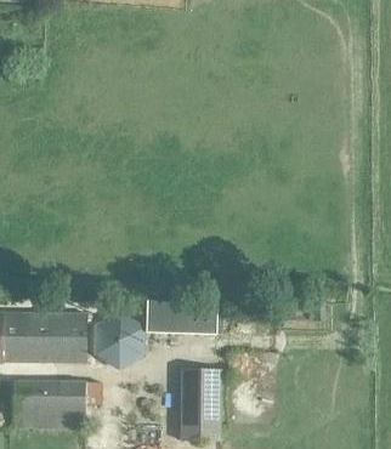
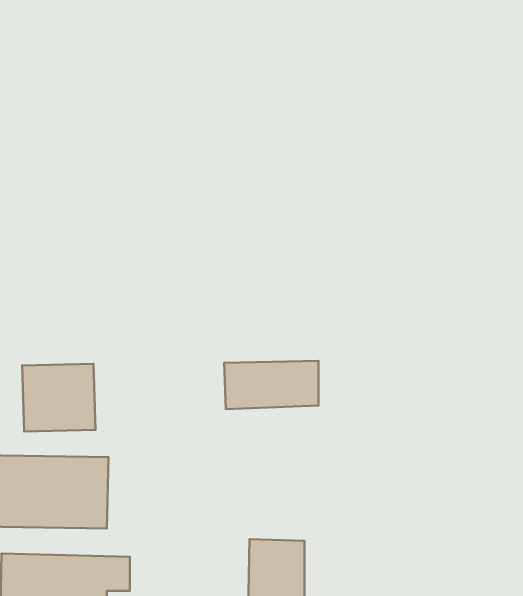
building: [149,302,214,335] -> [224,361,318,409]
building: [95,313,144,359] -> [22,364,95,431]

